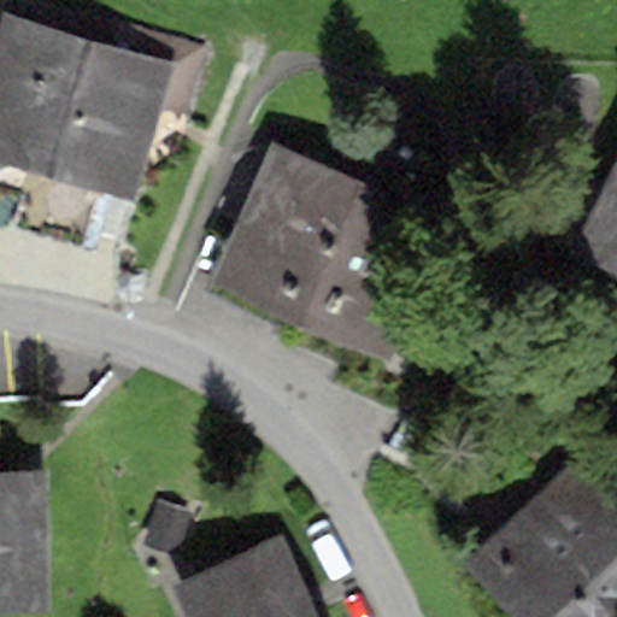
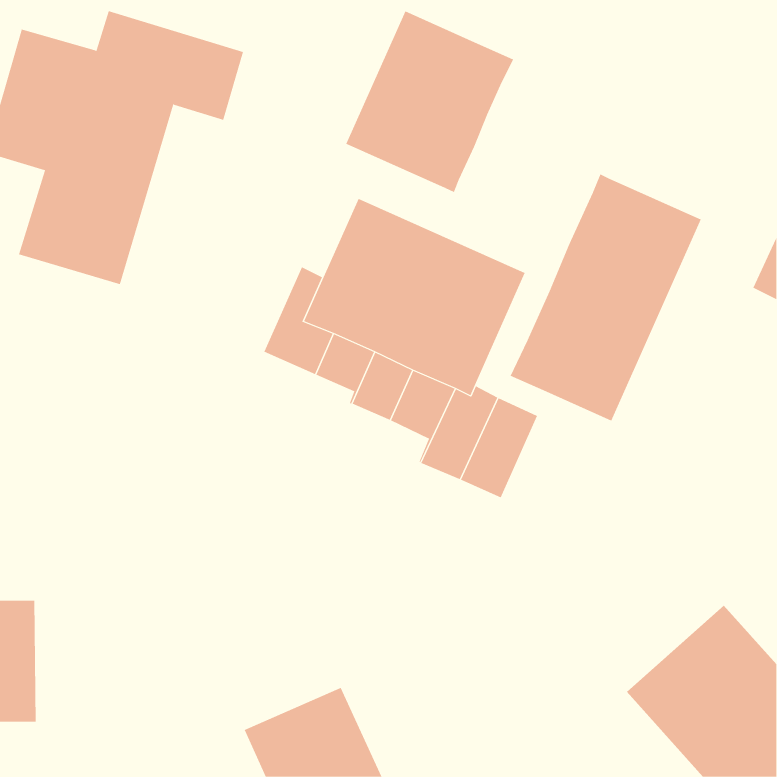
building: none -> [345,10,514,193]
building: none -> [510,174,702,422]

